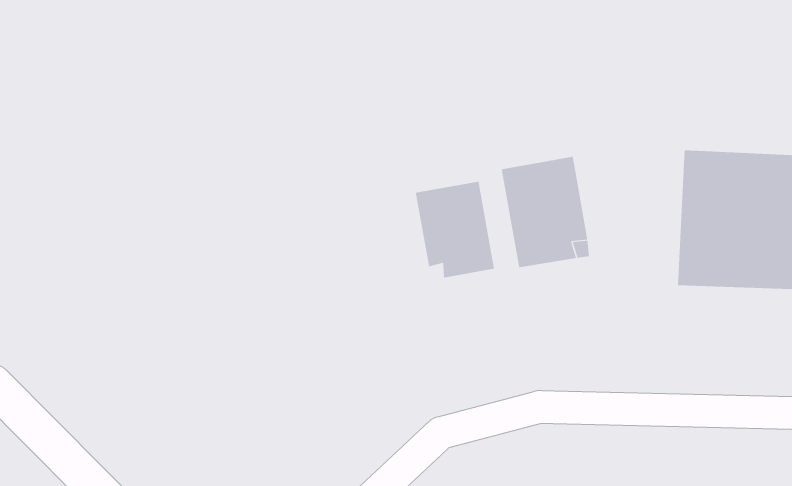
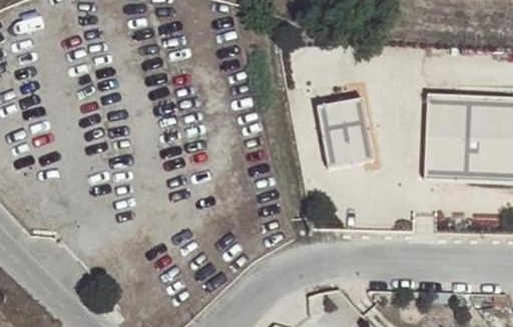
building: [415,181,494,279] -> none

